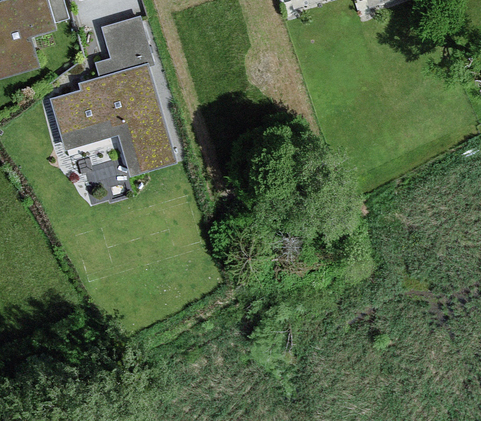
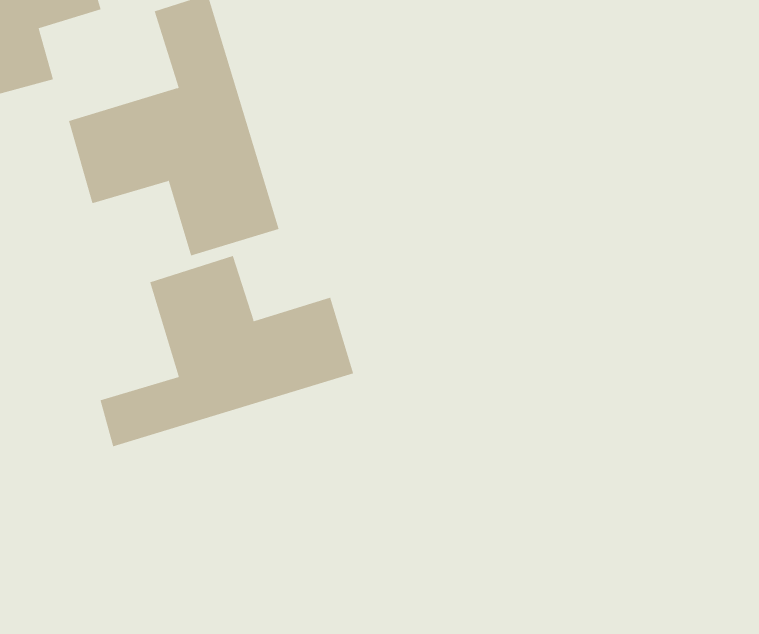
building: none -> [100,255,354,447]

